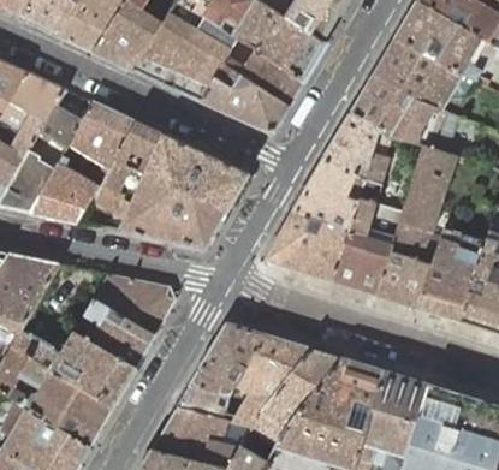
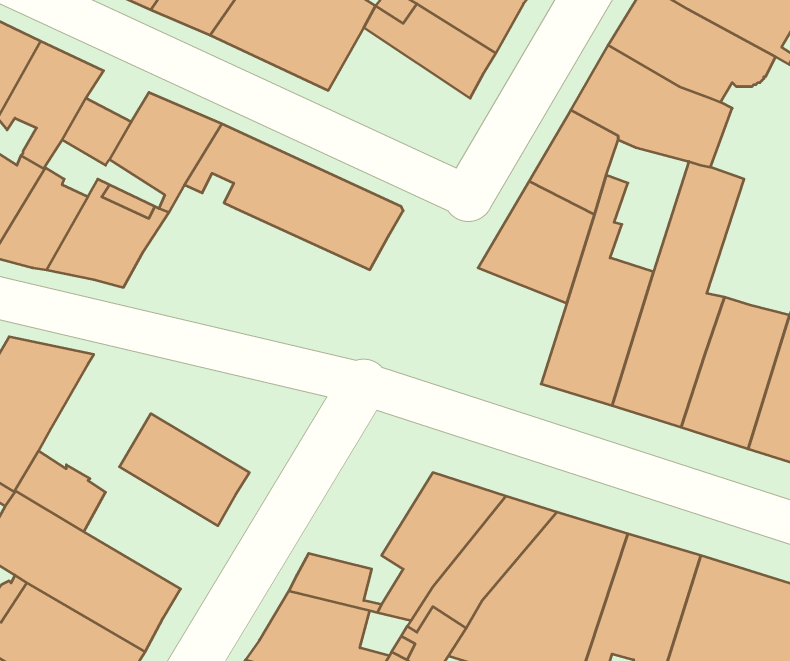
building: [201,64,287,132] -> none
building: [88,160,130,214] -> none
building: [117,174,226,249] -> none
building: [263,210,346,281] -> none
building: [93,274,174,335] -> none
building: [189,323,265,394] -> none
building: [52,332,133,406] -> none

